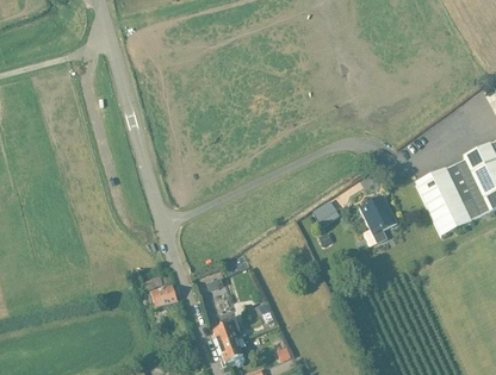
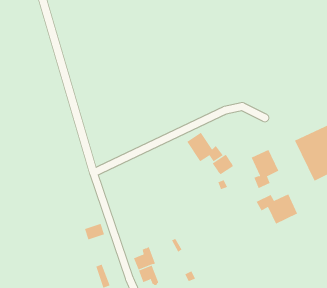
building: none -> [186,132,223,162]
building: none -> [256,194,298,224]

